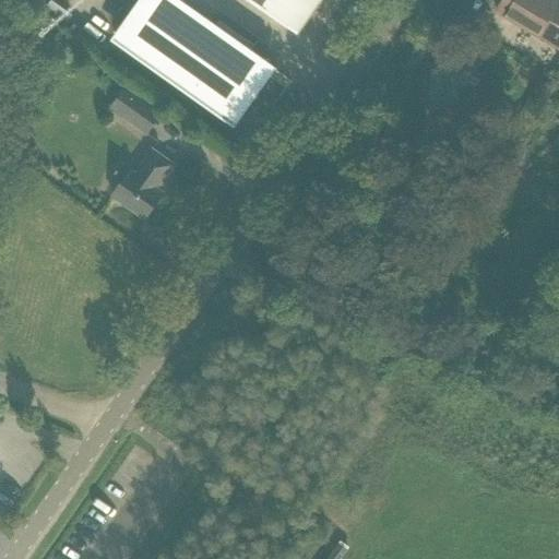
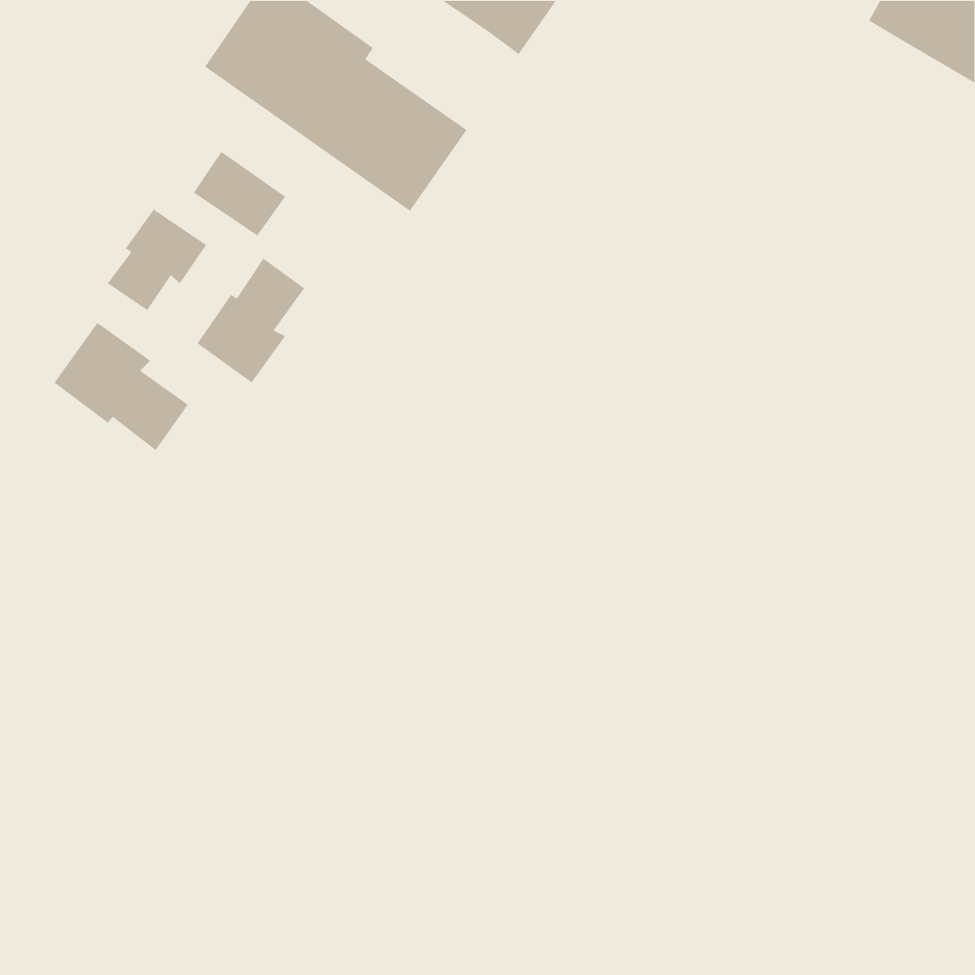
building: none -> [107,208,207,311]
building: none -> [53,322,189,451]

